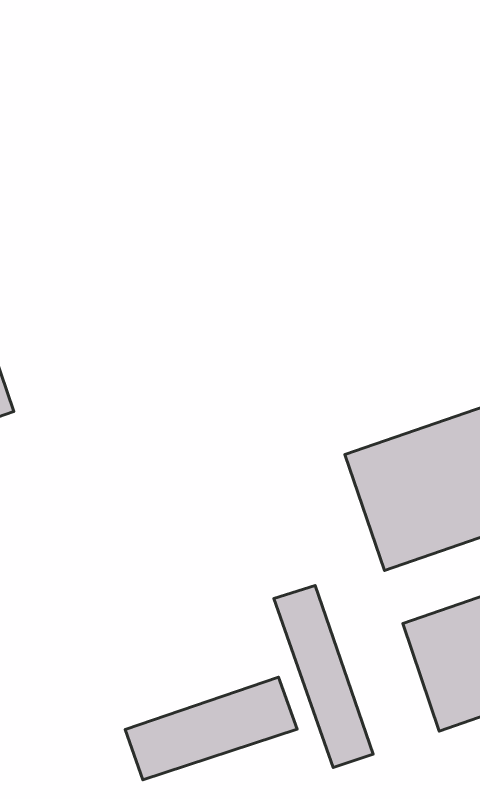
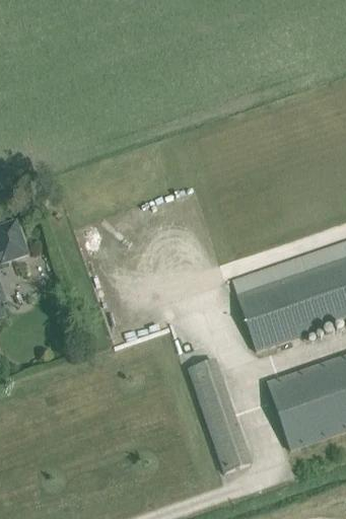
building: [125,677,297,780] -> none

